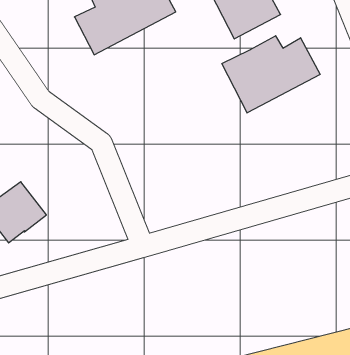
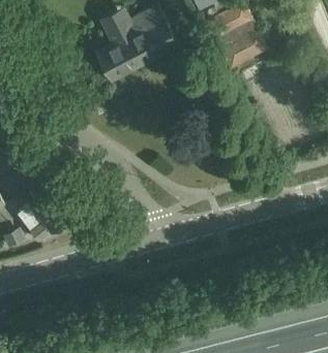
building: [222,36,320,113] -> none

